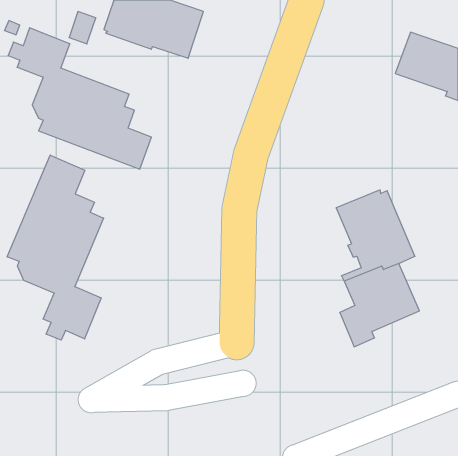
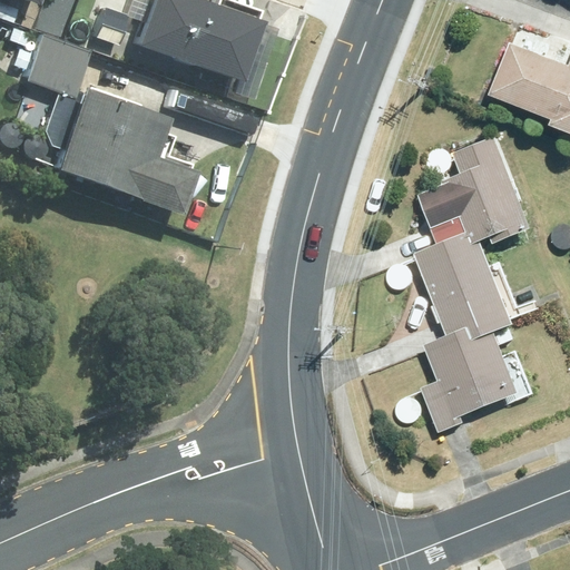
building: none -> [415,136,532,261]
building: [7,155,104,340] -> none

